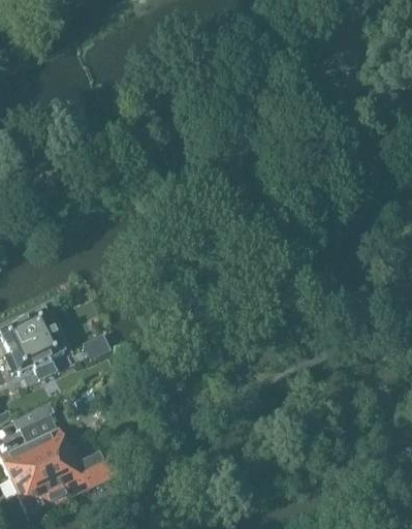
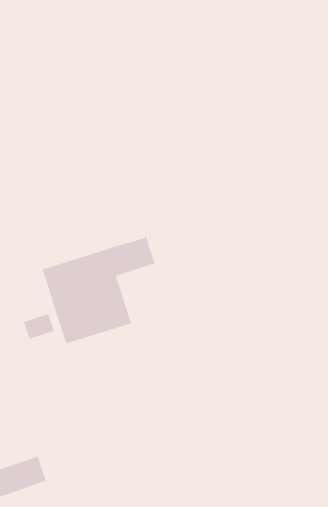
building: none -> [42,234,155,346]

